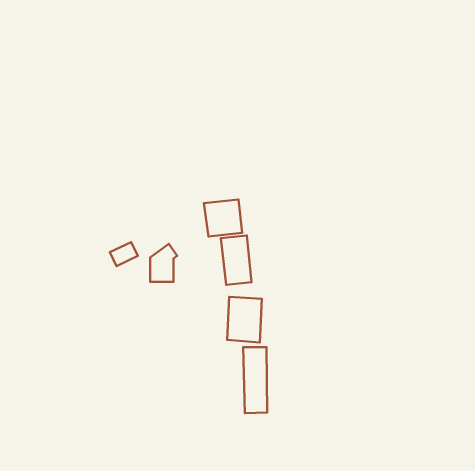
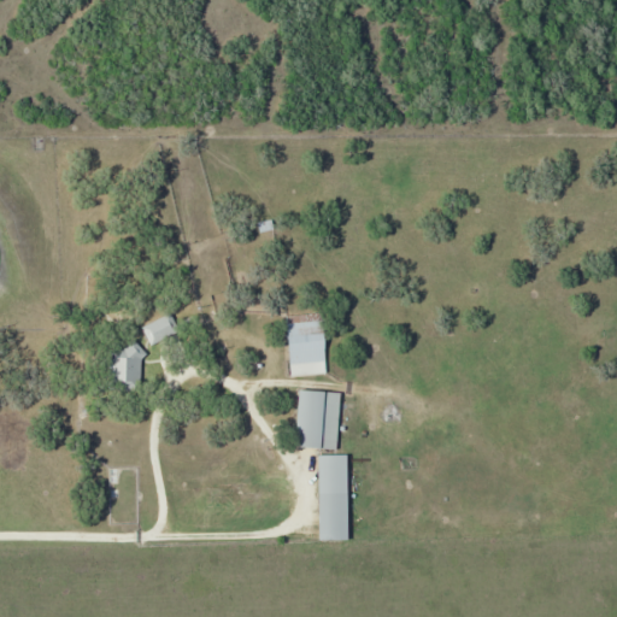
building: [204,199,242,236] -> none
building: [150,244,177,282] -> [112,339,147,388]

